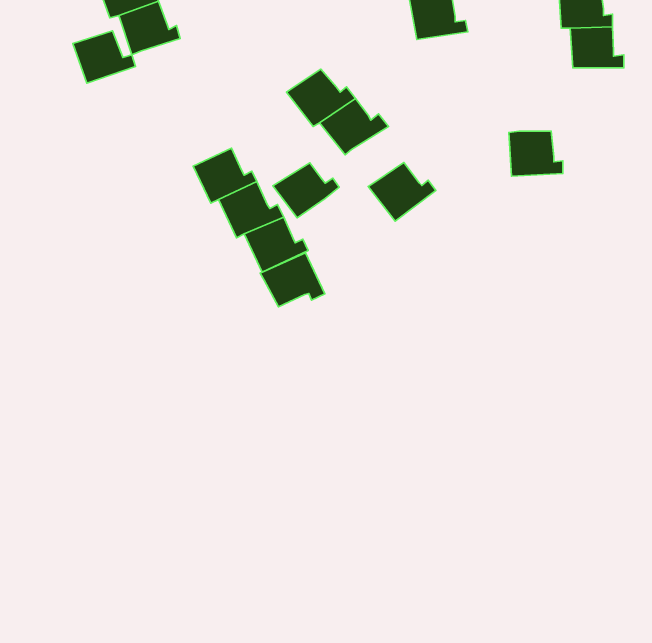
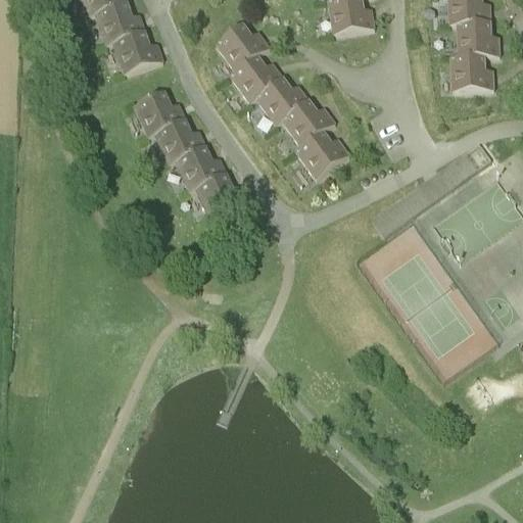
building: none -> [216,22,270,69]
building: [73,31,136,83] -> [112,31,162,73]
building: none -> [134,90,185,136]
building: [509,131,563,176] -> [449,54,492,90]
building: [273,163,339,218] -> [281,101,334,145]
building: [260,253,325,307] -> none

